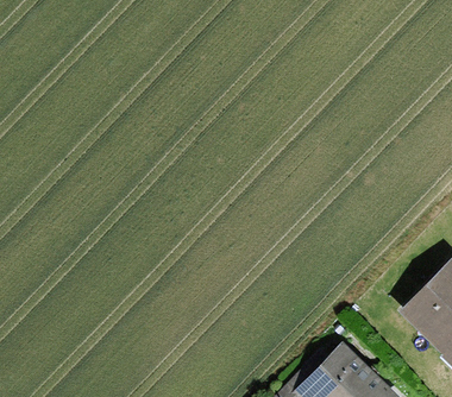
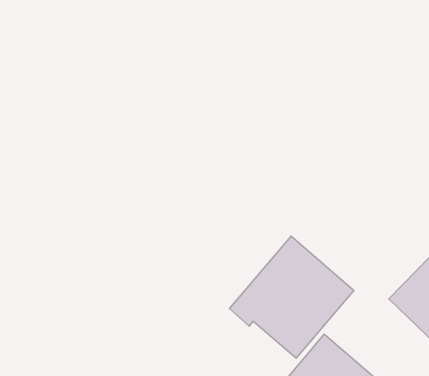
building: none -> [230,236,354,358]

